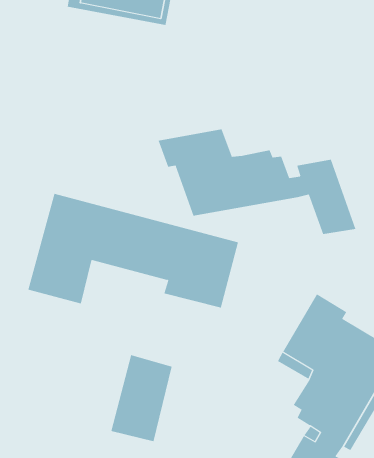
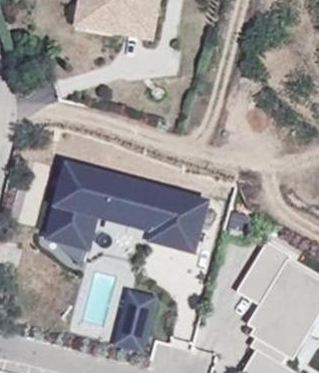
building: [158,128,356,235] -> none

